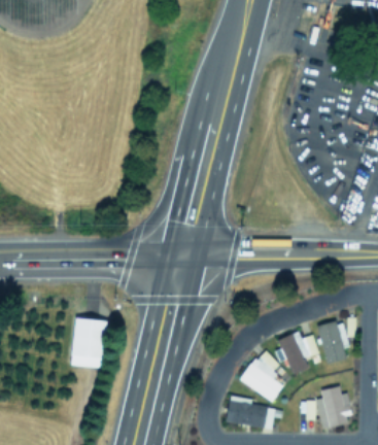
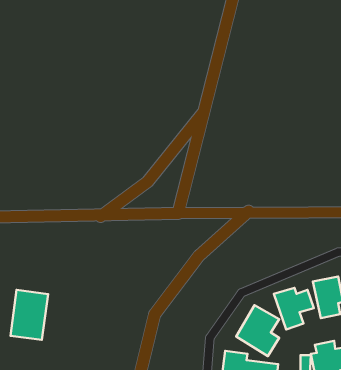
building: [69,318,107,369] -> [10,290,48,340]

